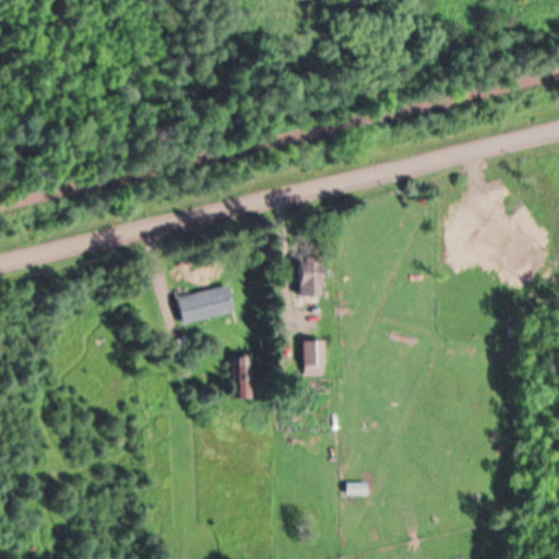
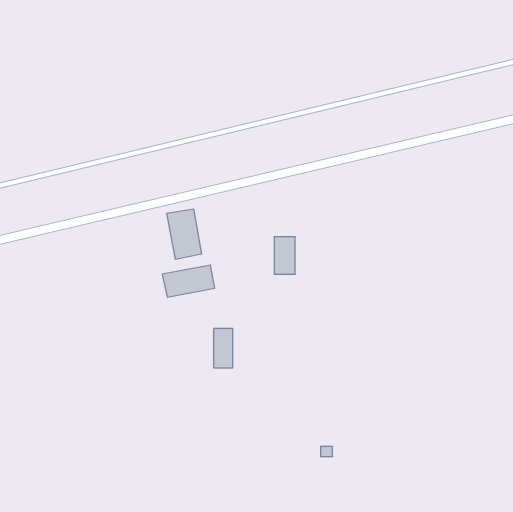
building: none -> [167,209,202,259]
building: [305,341,325,366] -> none

